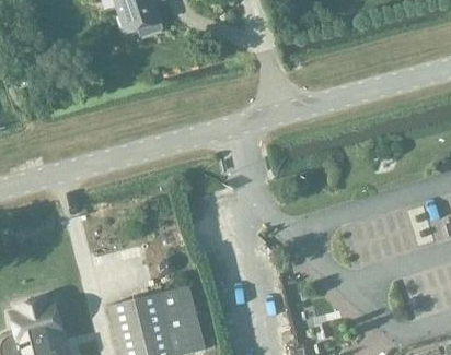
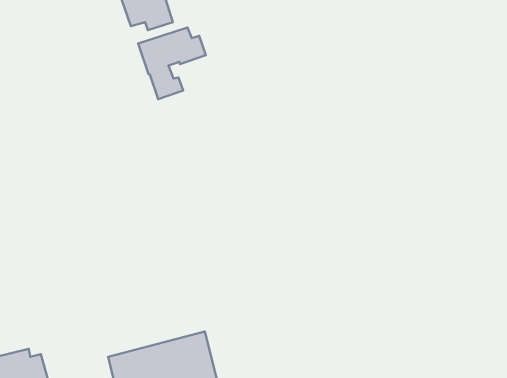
building: none -> [138,28,206,99]

